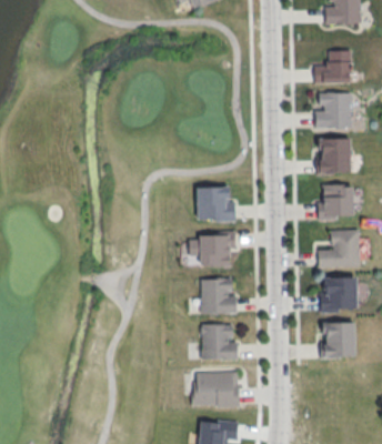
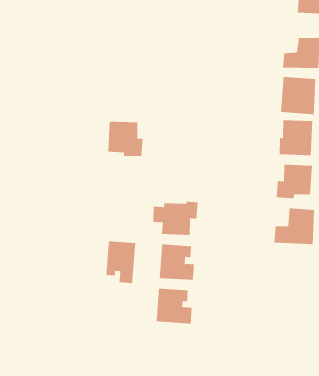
building: [198,185,235,222] -> [108,121,143,156]
building: [320,275,358,313] -> none
building: none -> [106,240,136,284]
building: [320,322,355,359] -> none
building: [192,371,240,407] -> none

